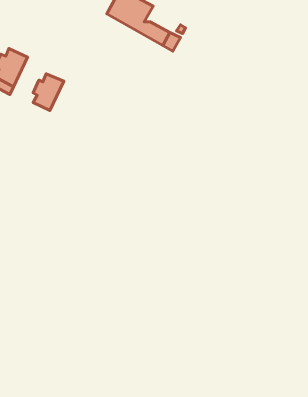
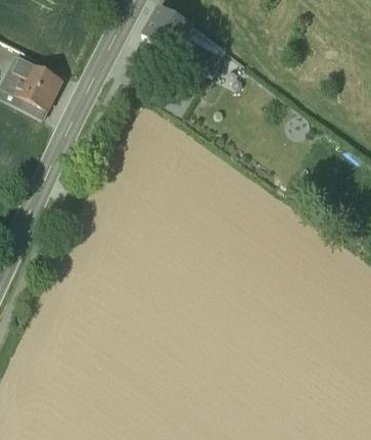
building: [33,74,64,110] -> none

